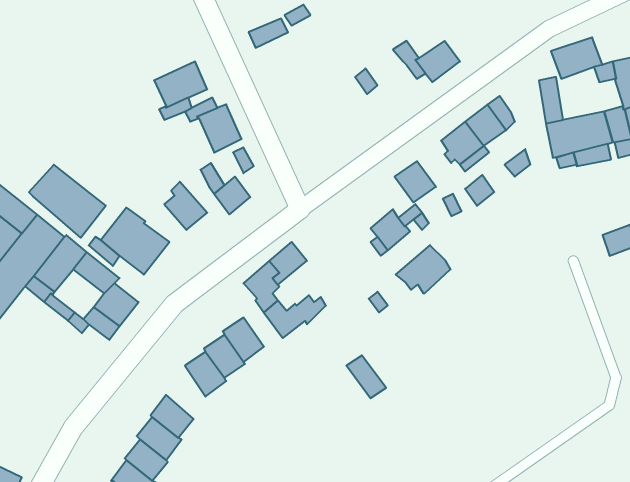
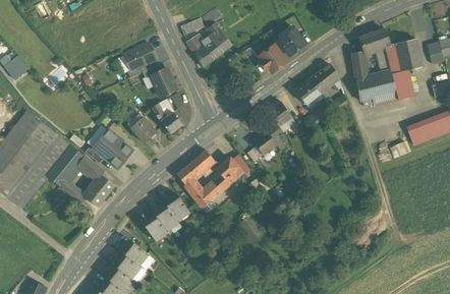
building: none -> [187,21,231,67]
building: none -> [259,45,286,72]
building: [29,165,106,238] -> none
building: [396,245,451,293] -> [210,159,242,187]

